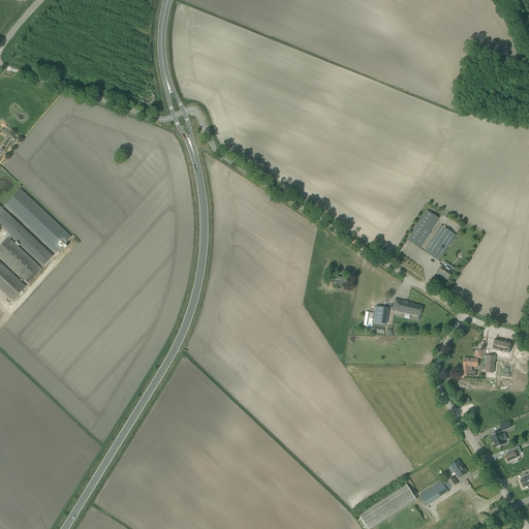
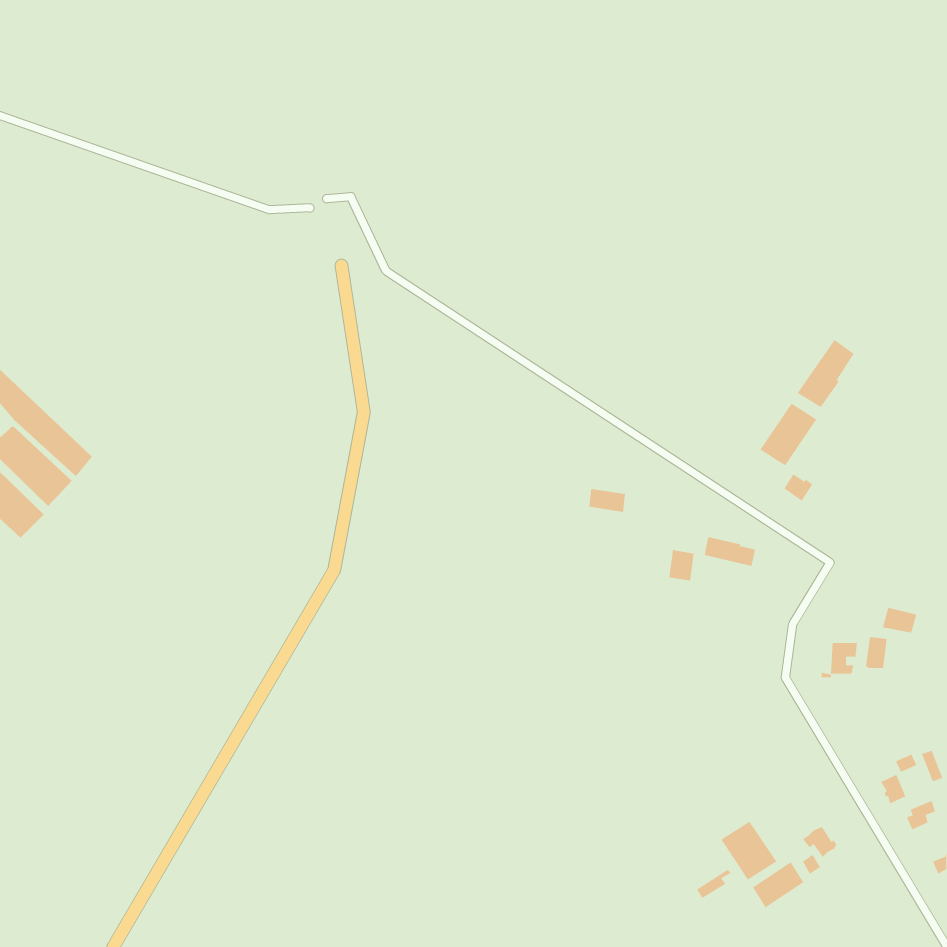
building: [4,188,70,252] -> none
building: [405,209,437,247] -> [797,339,854,408]
building: none -> [720,821,777,880]

